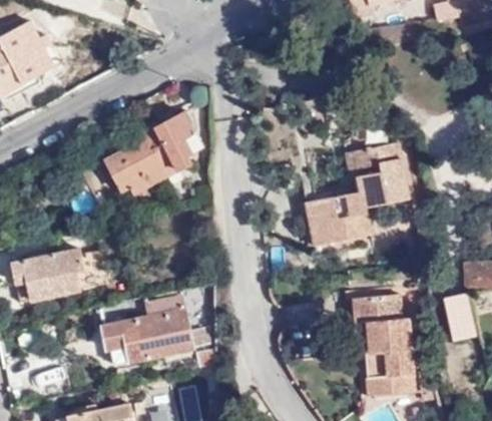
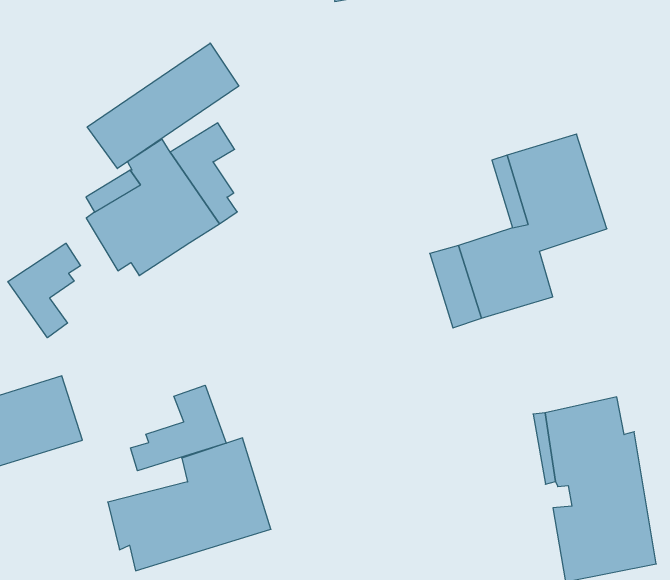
building: none -> [87,43,239,169]
building: none -> [8,243,81,338]
building: none -> [131,385,226,471]

